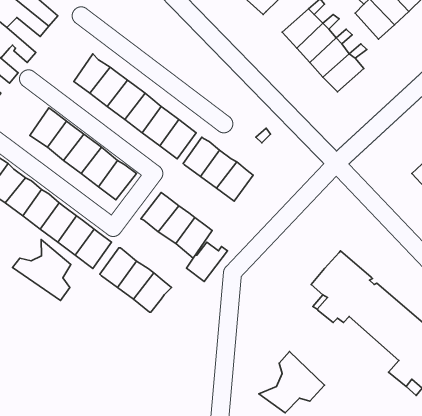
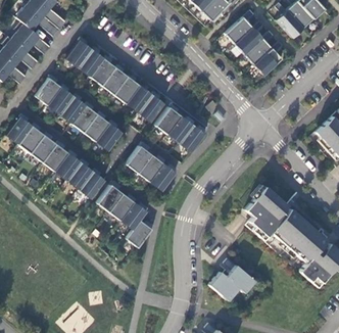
building: none -> [65,40,92,68]
building: none -> [35,78,61,106]
building: [13,240,71,301] -> none
building: [187,242,227,281] -> [126,221,154,248]

